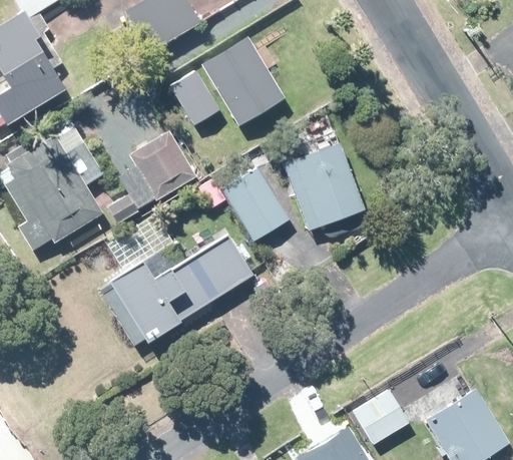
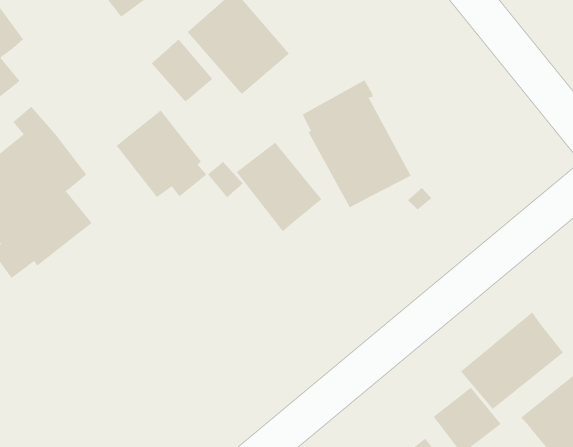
building: [105,236,253,346] -> none
building: none -> [460,312,564,410]

